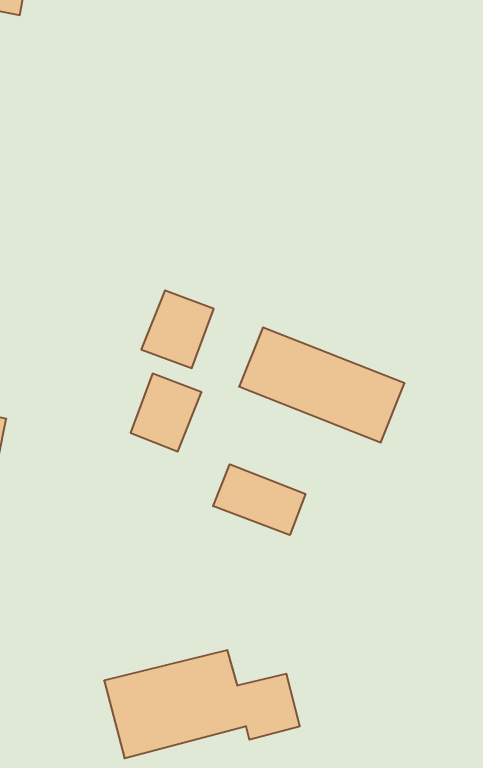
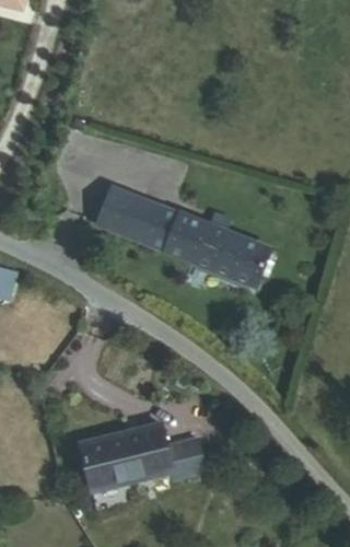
building: [131,374,202,451] -> [135,200,180,251]
building: [213,464,305,535] -> none

